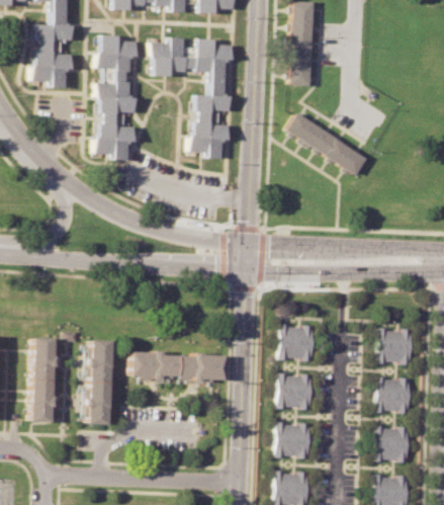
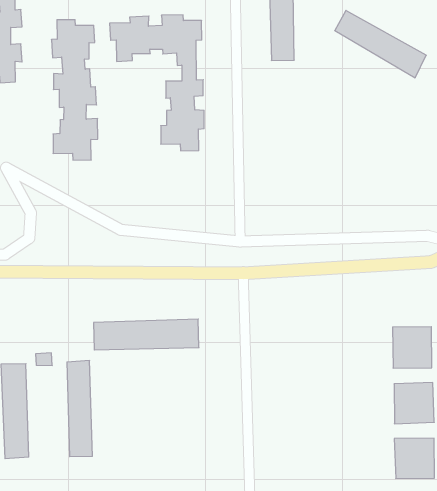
building: [286,111,366,175] -> [335,10,426,78]
building: [279,325,316,361] -> none
building: [130,351,225,380] -> [94,319,199,350]
building: [277,373,313,411] -> none
building: [274,422,312,460] -> none

